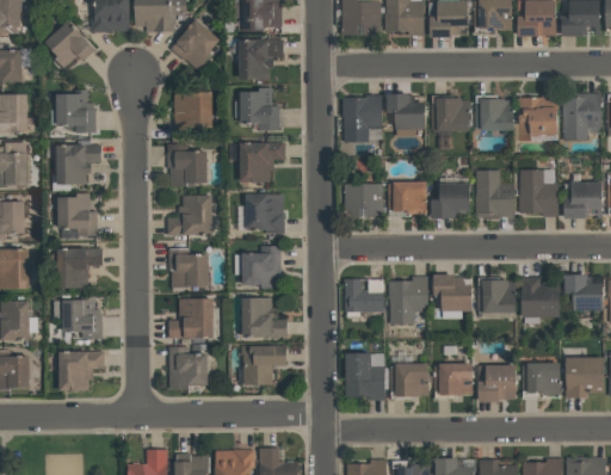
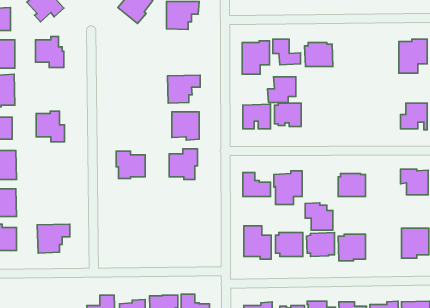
building: [240,87,279,130] -> none
building: [173,91,214,127] -> none
building: [519,92,557,141] -> none
building: [475,98,514,130] -> none
building: [166,142,206,186] -> none
building: [56,143,101,184] -> none
building: [519,168,558,216] -> none
building: [475,169,513,216] -> none
building: [431,183,470,218] -> [268,77,296,102]
building: [167,196,211,234] -> none
building: [57,247,103,286] -> none
building: [433,272,471,310] -> [305,203,333,230]
building: [520,277,558,316] -> none
building: [63,296,103,338] -> none
building: [168,297,215,338] -> none
building: [242,297,286,337] -> none
building: [241,344,286,383] -> none
building: [168,345,209,389] -> none
building: [521,362,560,394] -> none

